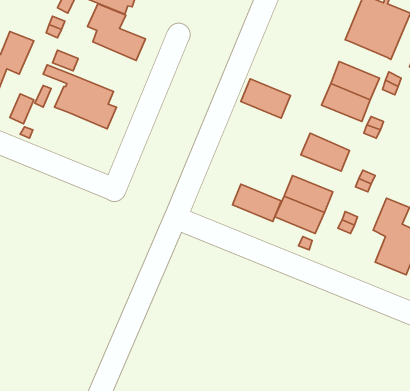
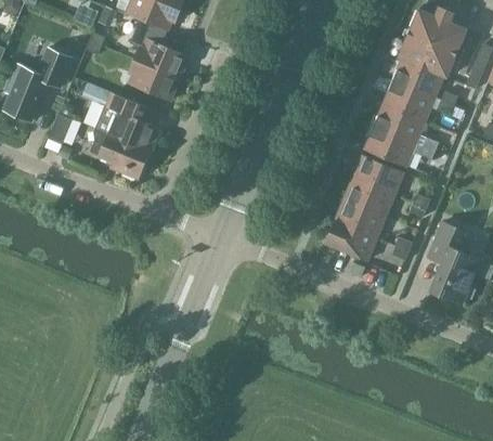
building: none -> [392,57,443,96]
building: none -> [128,59,180,100]
building: [241,79,291,118] -> [364,125,416,166]
building: none -> [90,127,150,179]
building: [233,184,281,221] -> [343,177,394,216]

